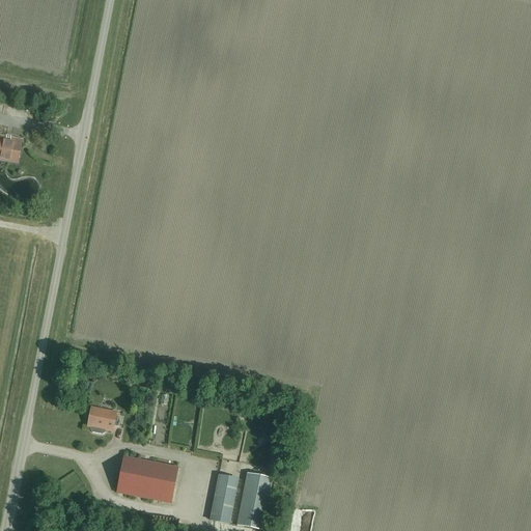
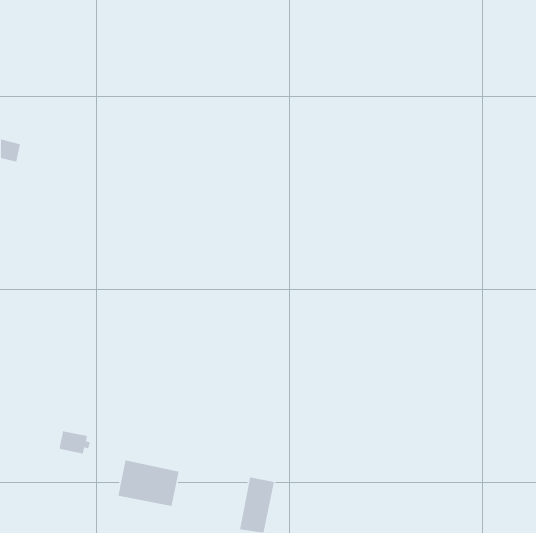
building: [87,406,119,429] -> [58,430,91,455]
building: [209,473,237,522] -> none

